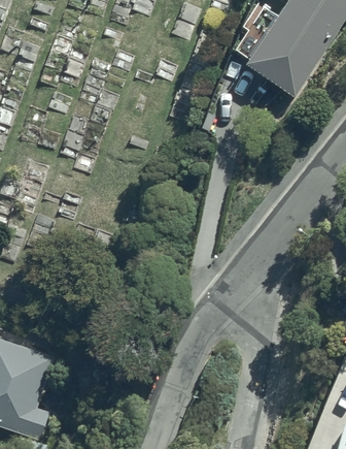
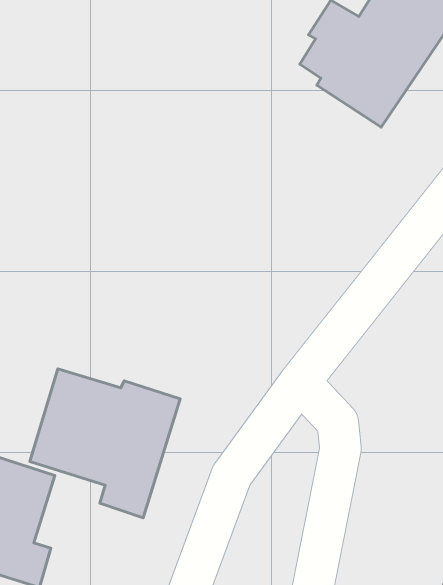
building: none -> [30,369,180,518]

